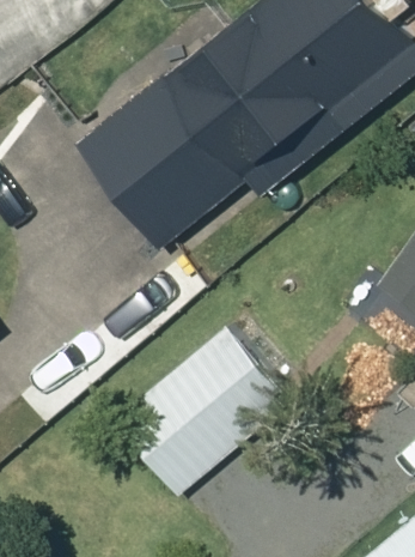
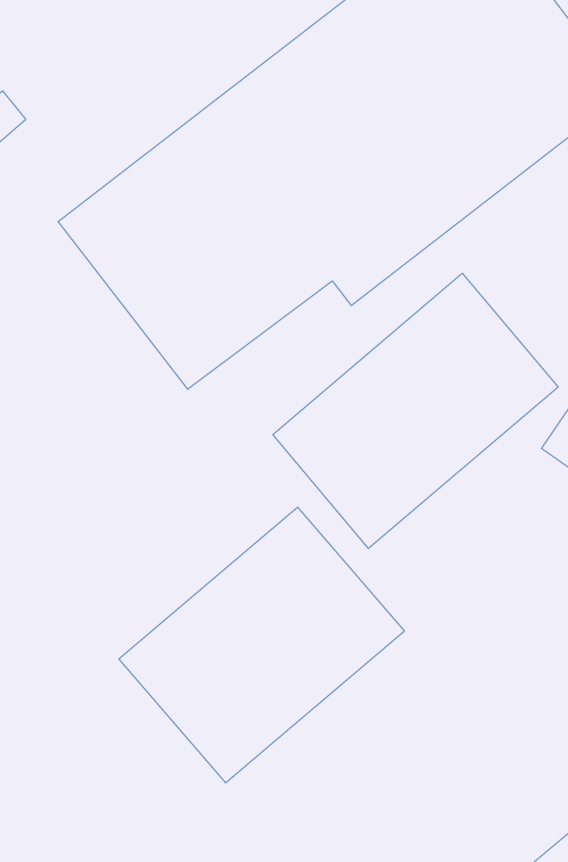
building: none -> [273,273,558,549]

